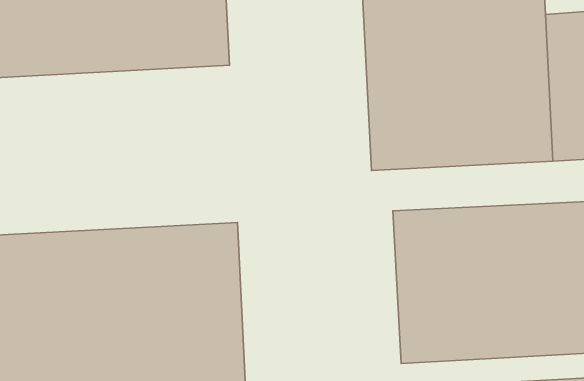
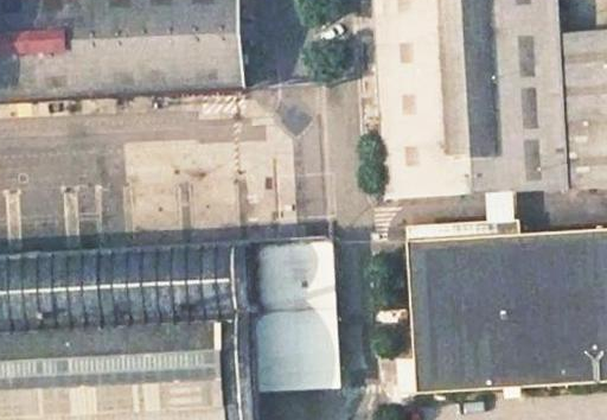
building: none -> [268,240,346,395]

